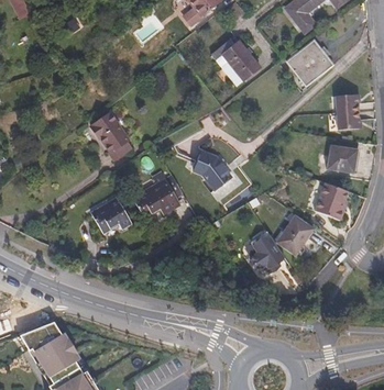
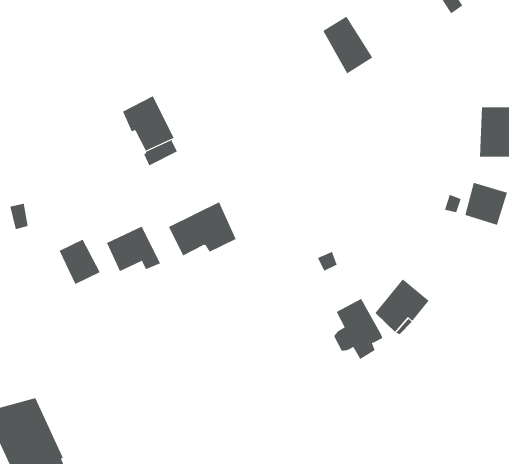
building: [285,36,331,82] -> none
building: [191,151,230,188] -> none
building: [315,181,345,219] -> none
building: none -> [59,239,101,285]

